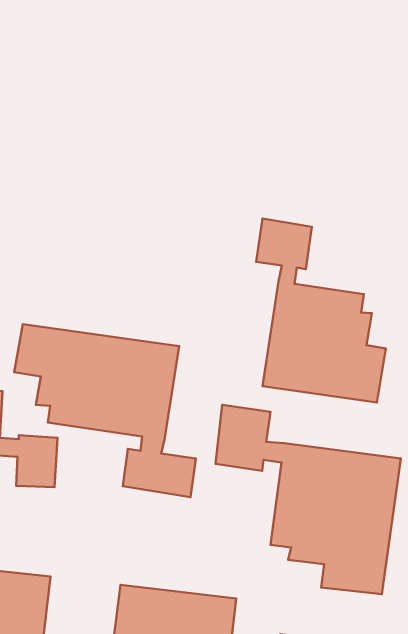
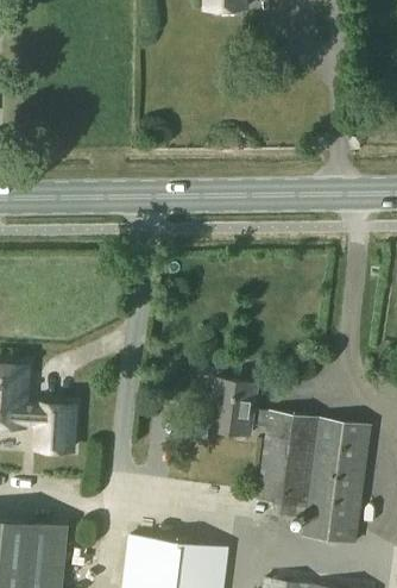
building: [256,219,386,402] -> none
building: [14,324,196,497] -> none

